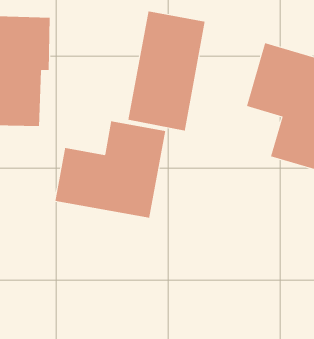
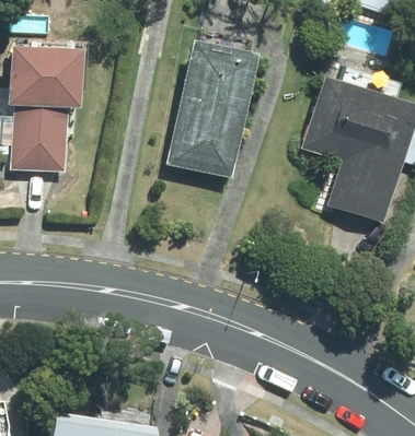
building: [55,121,166,219] -> none

